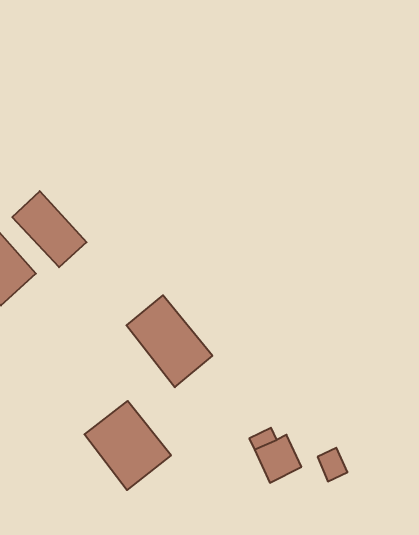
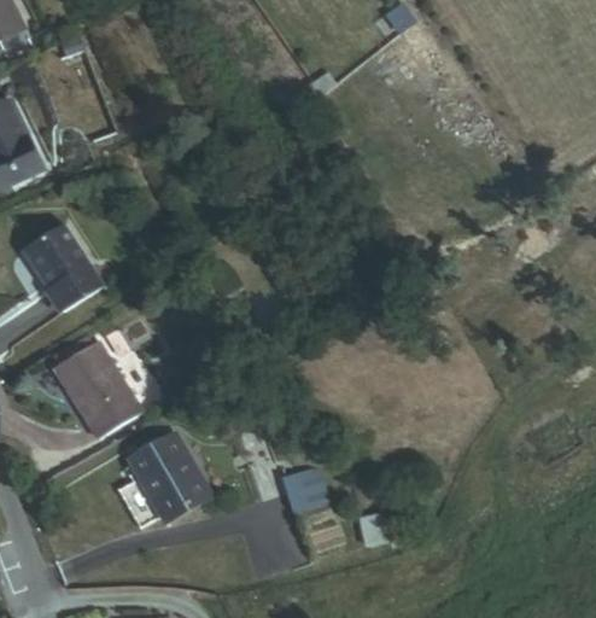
building: [12,191,87,267] -> none
building: [126,295,212,387] -> [58,342,140,437]

